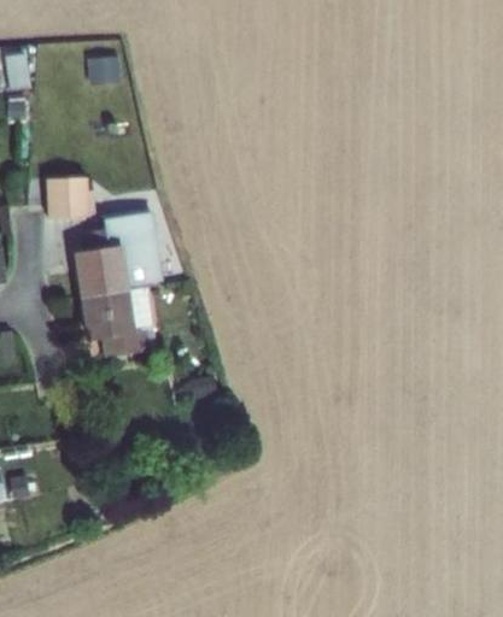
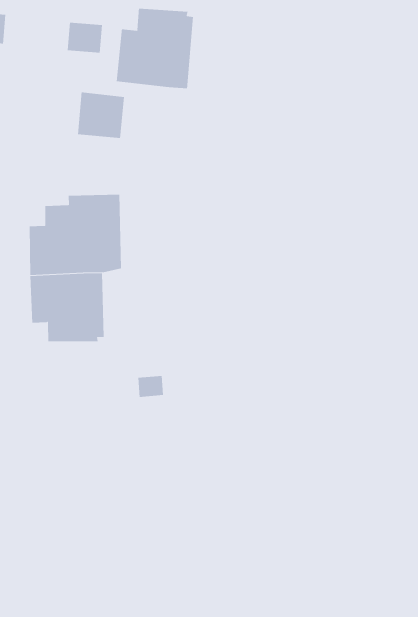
building: none -> [116,8,194,89]
building: [48,177,90,217] -> [77,92,125,138]

